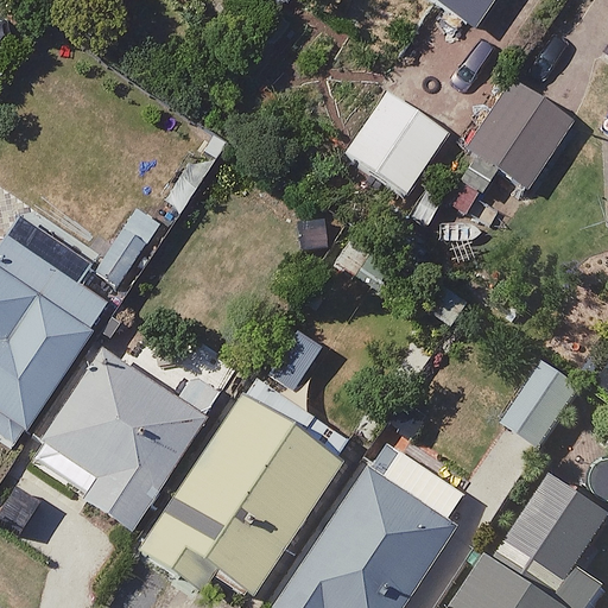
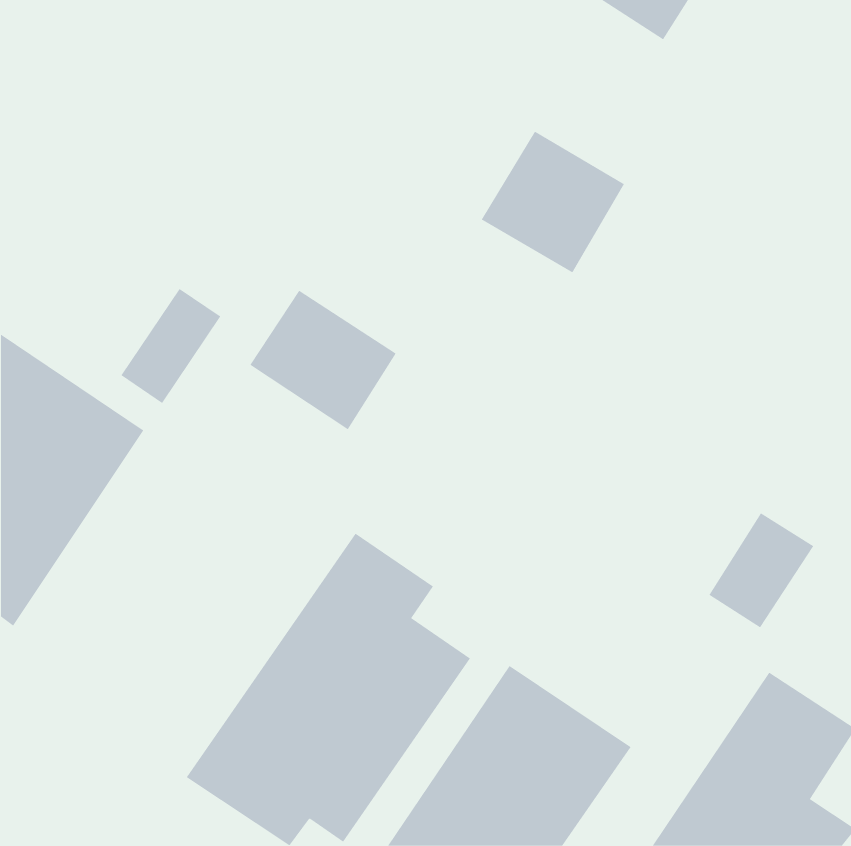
building: [470,88,569,188] -> none
building: none -> [250,290,396,430]
building: [32,309,241,533] -> none

